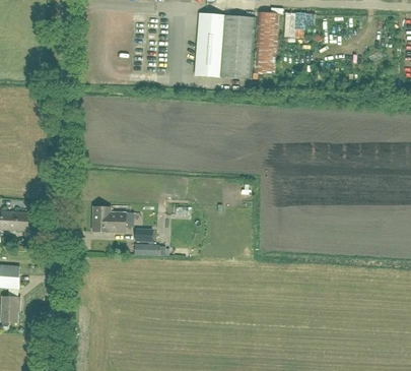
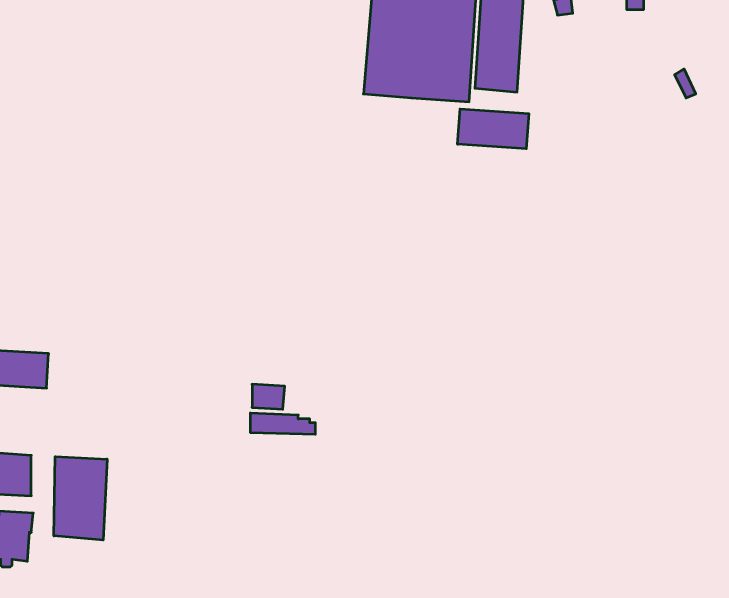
building: none -> [458,109,529,149]
building: [92,205,134,231] -> none
building: none -> [54,457,107,540]

